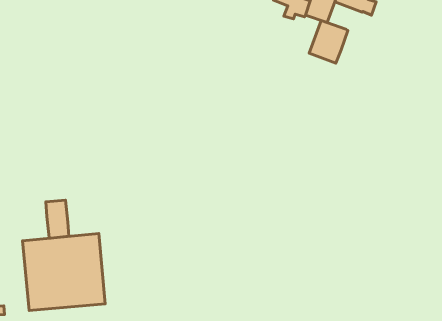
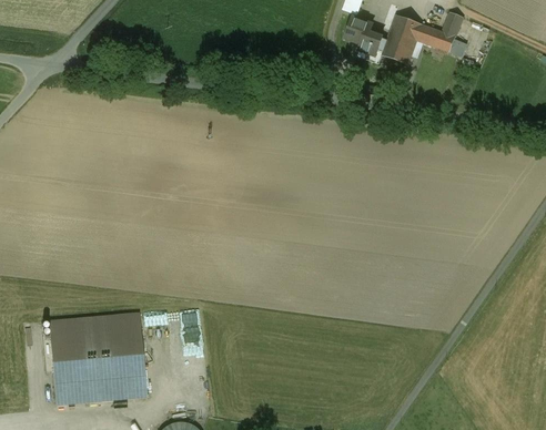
building: [309,21,348,63] -> none
building: [46,200,69,238] -> none

